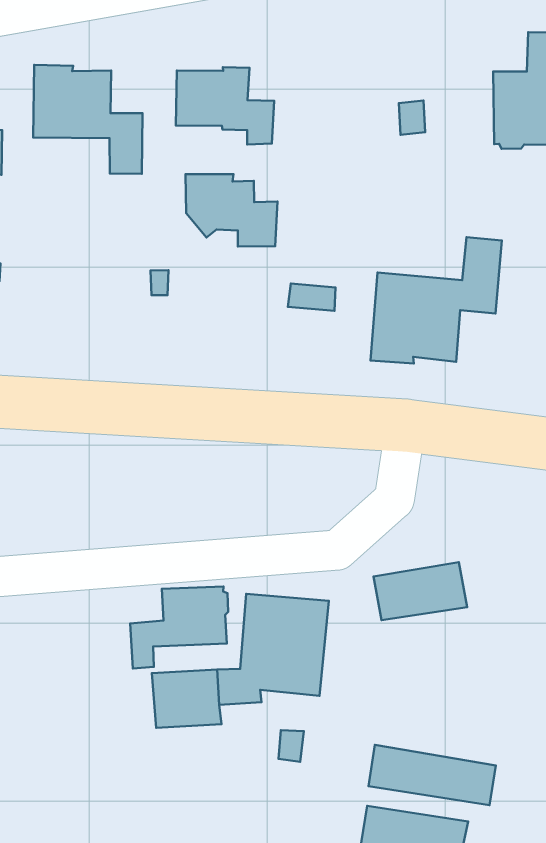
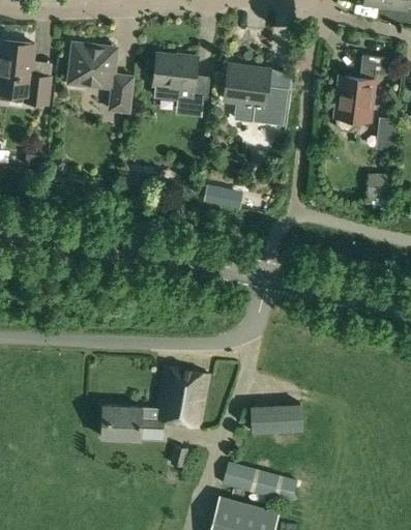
building: [186,174,277,247] -> [227,66,281,114]
building: [370,237,502,364] -> none
building: [373,562,467,620] -> [251,403,303,432]
building: [130,586,228,669] -> none

